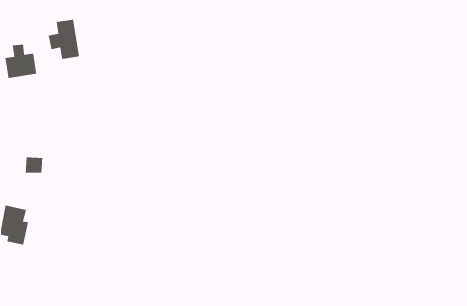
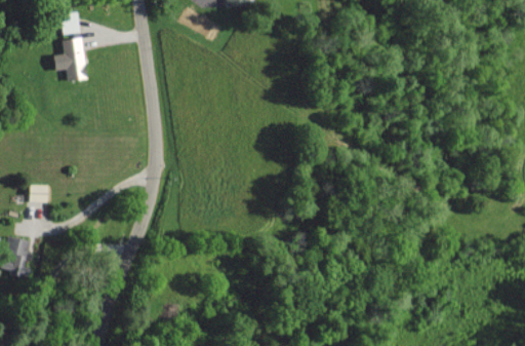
building: [5,44,37,79] -> none

